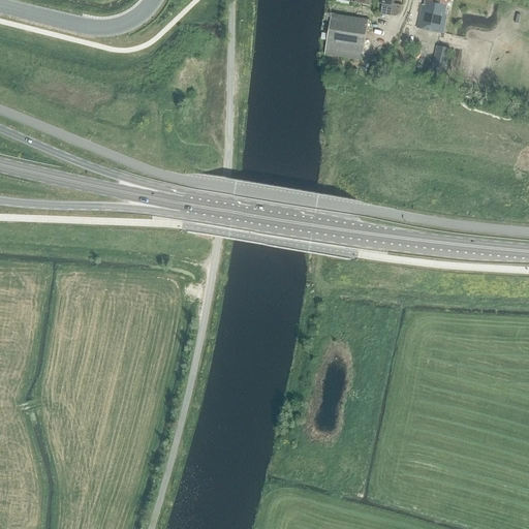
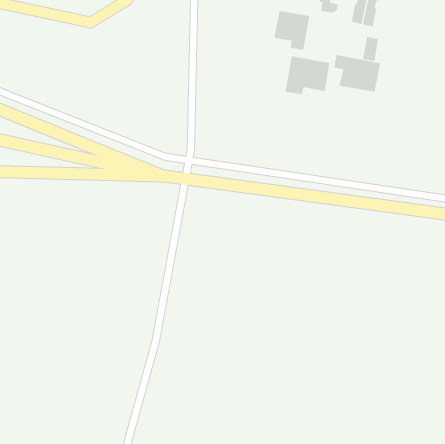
building: none -> [334,54,381,93]
building: none -> [285,56,330,95]

